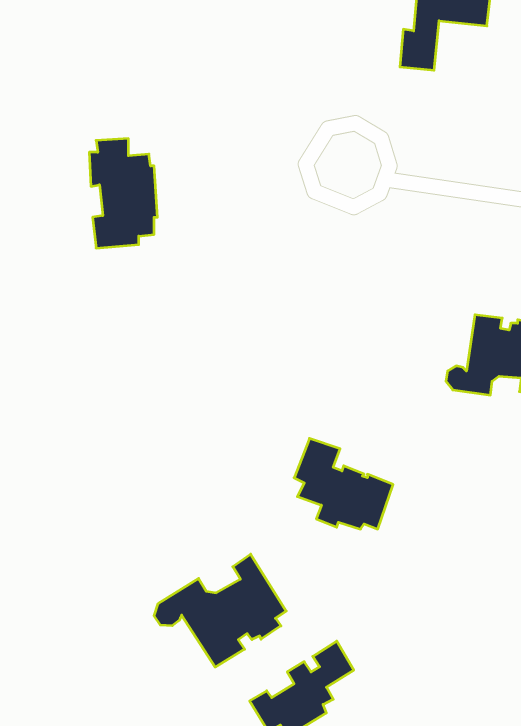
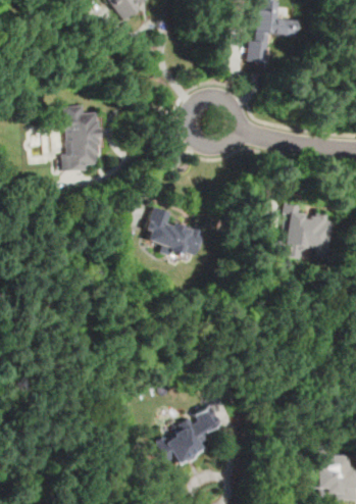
building: [294,438,393,529] -> [147,205,206,259]
building: [154,554,286,667] -> none

